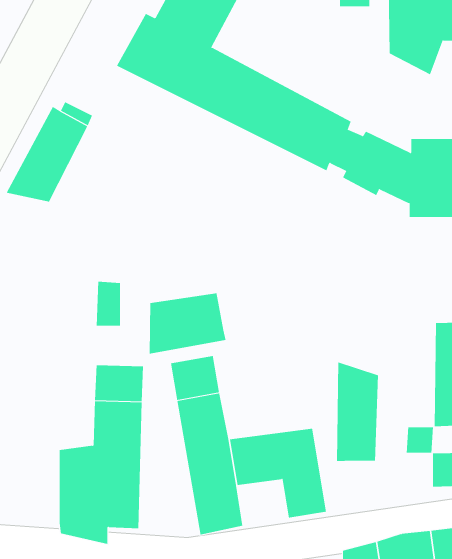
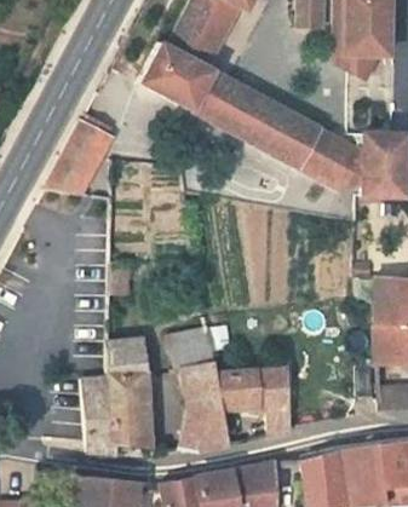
building: [149,293,226,354] -> none
building: [336,362,378,462] -> none

